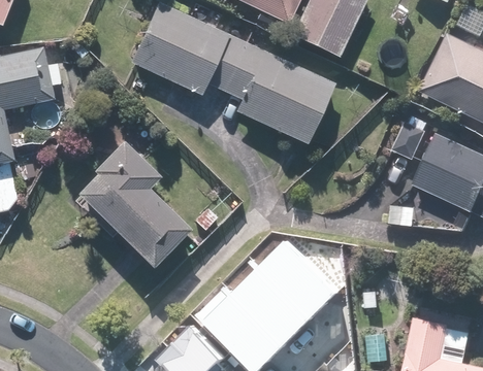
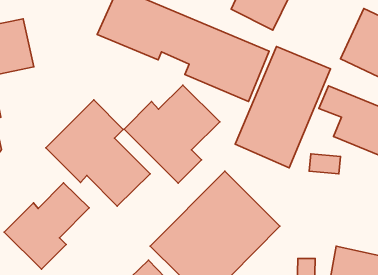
building: none -> [235,46,330,168]
building: none -> [124,85,220,183]
building: none -> [4,183,89,269]

